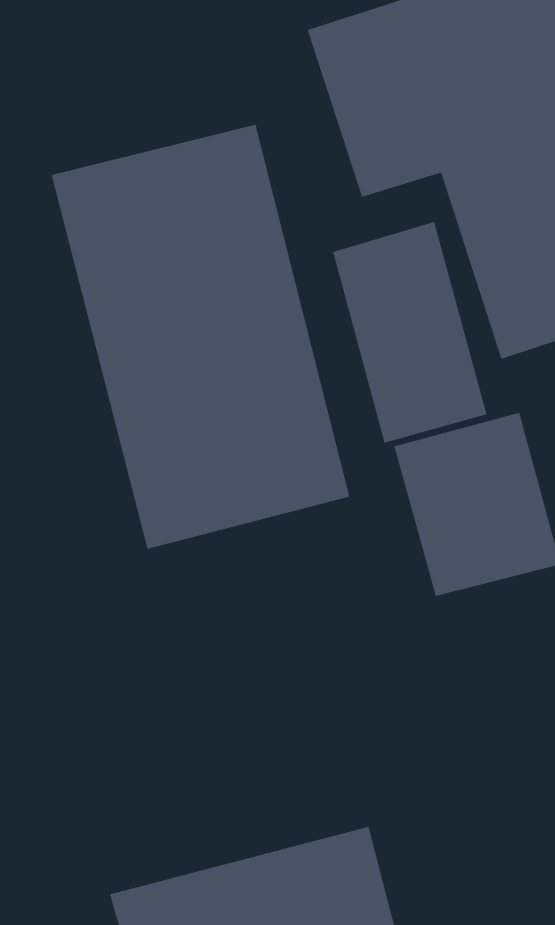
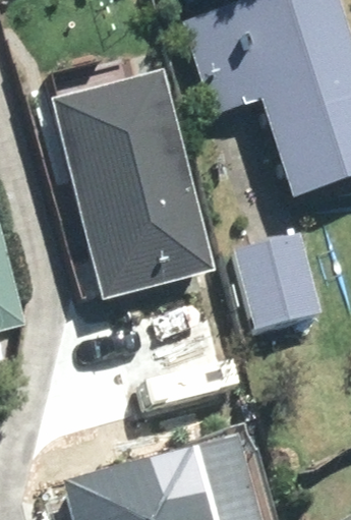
building: [332,221,487,443] -> none

